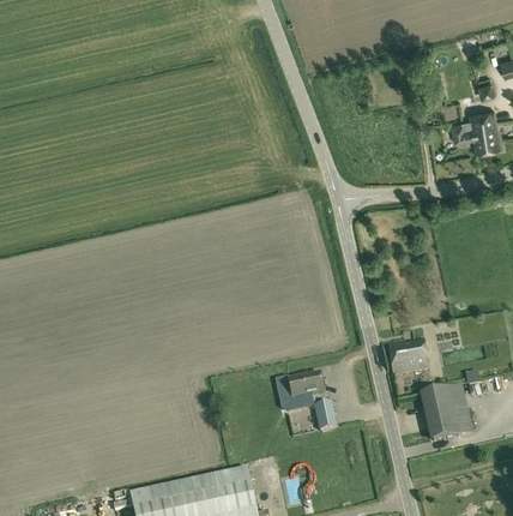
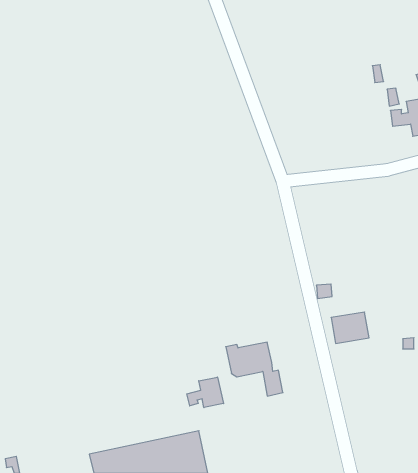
building: [420,386,472,443] -> none
building: none -> [187,377,224,408]

